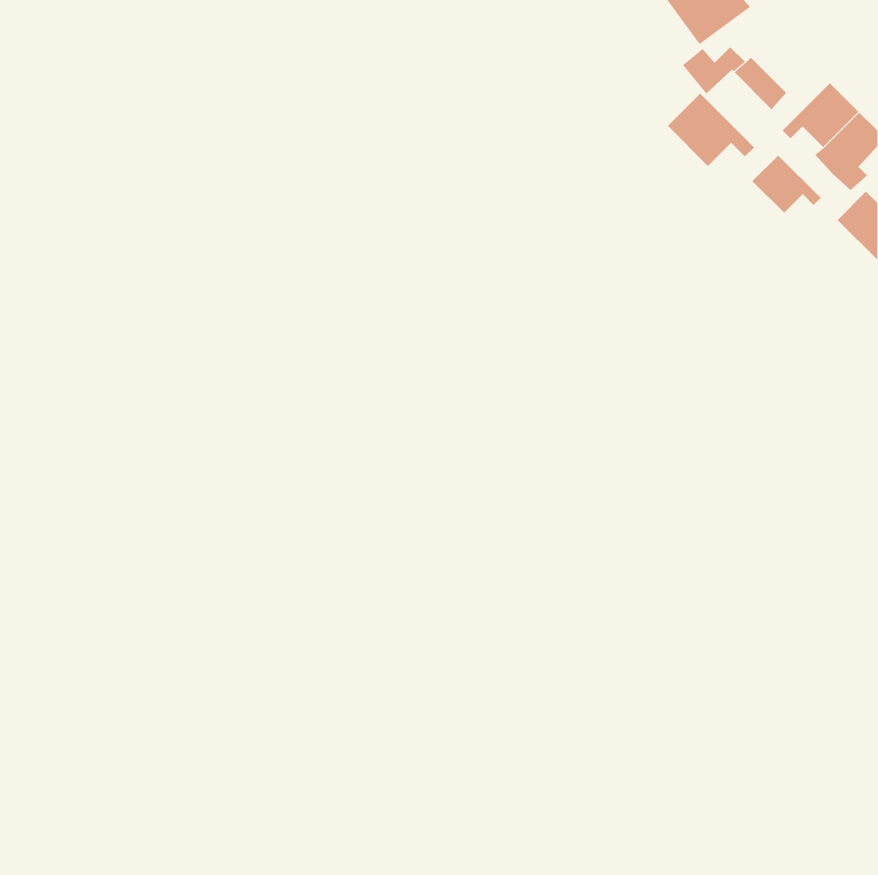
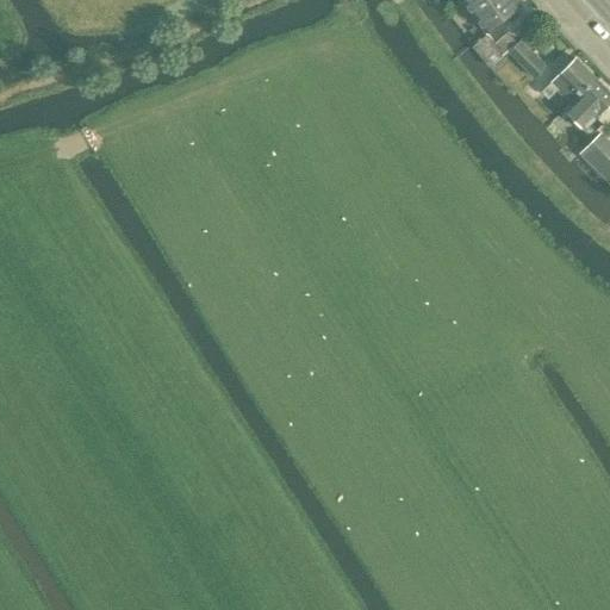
building: [667,93,755,167] -> none
building: [752,155,821,214] -> none

